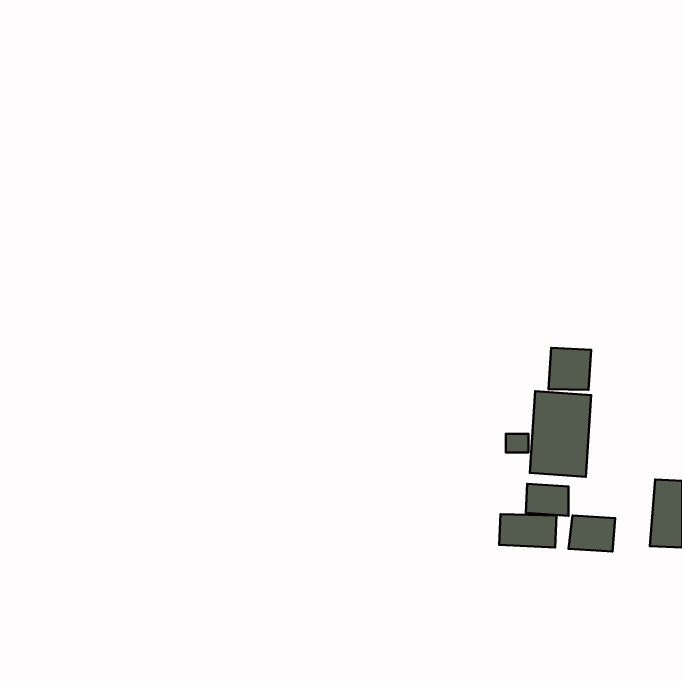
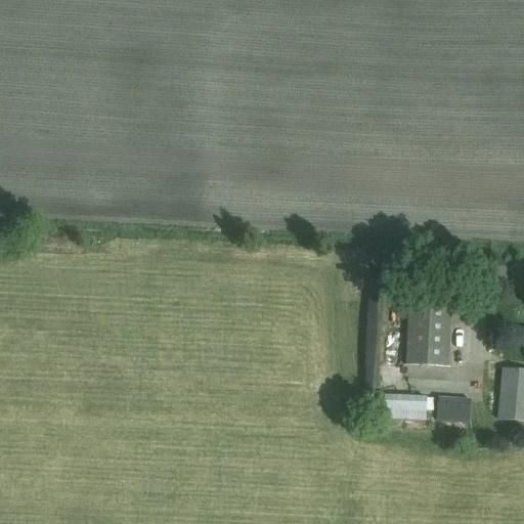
building: [548,348,591,390] -> none
building: [526,484,569,516] -> none

